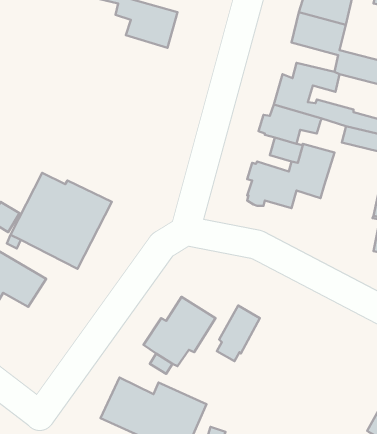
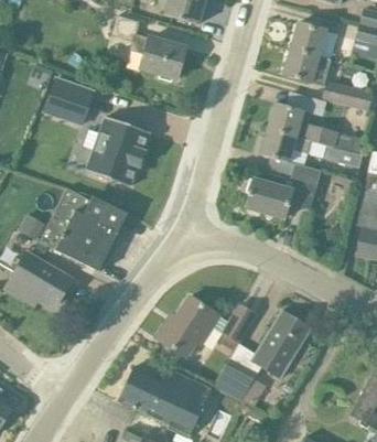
building: none -> [49,72,98,119]
building: none -> [86,117,149,187]
building: none -> [251,310,311,379]
building: none -> [214,359,257,401]

